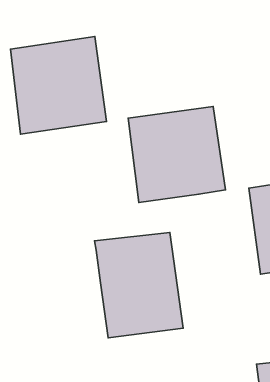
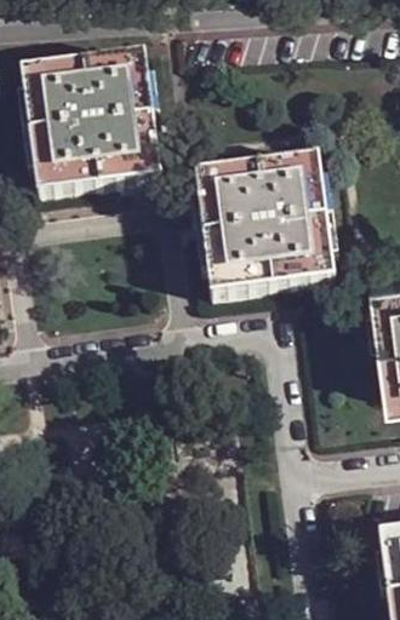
building: [95,232,183,338] -> none

